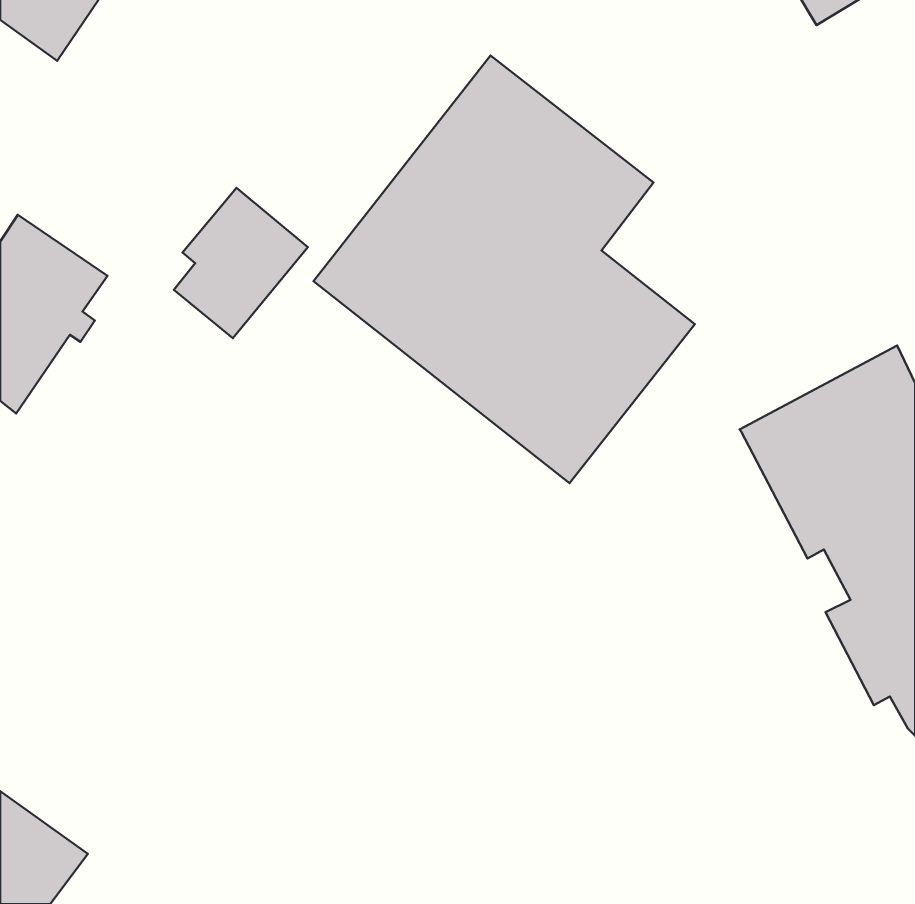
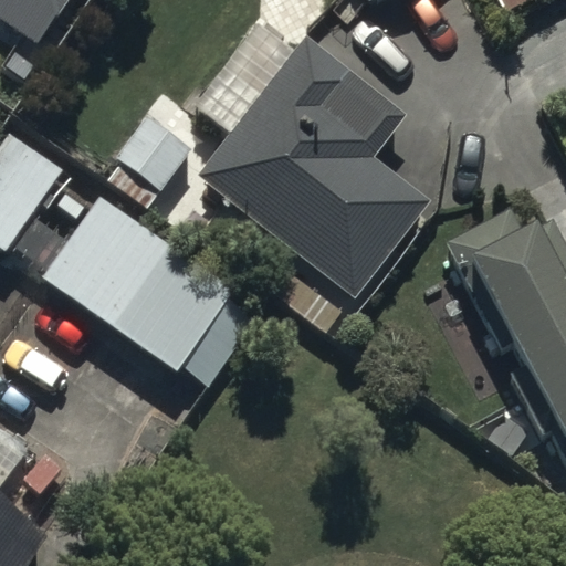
building: none -> [43,195,253,382]

